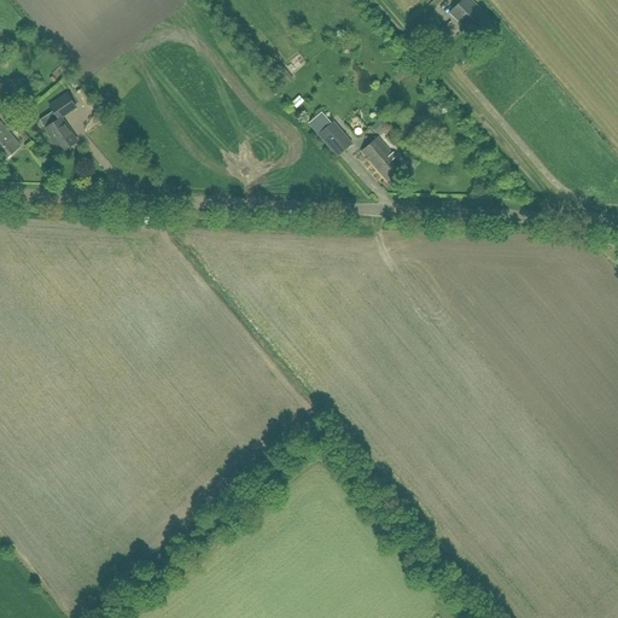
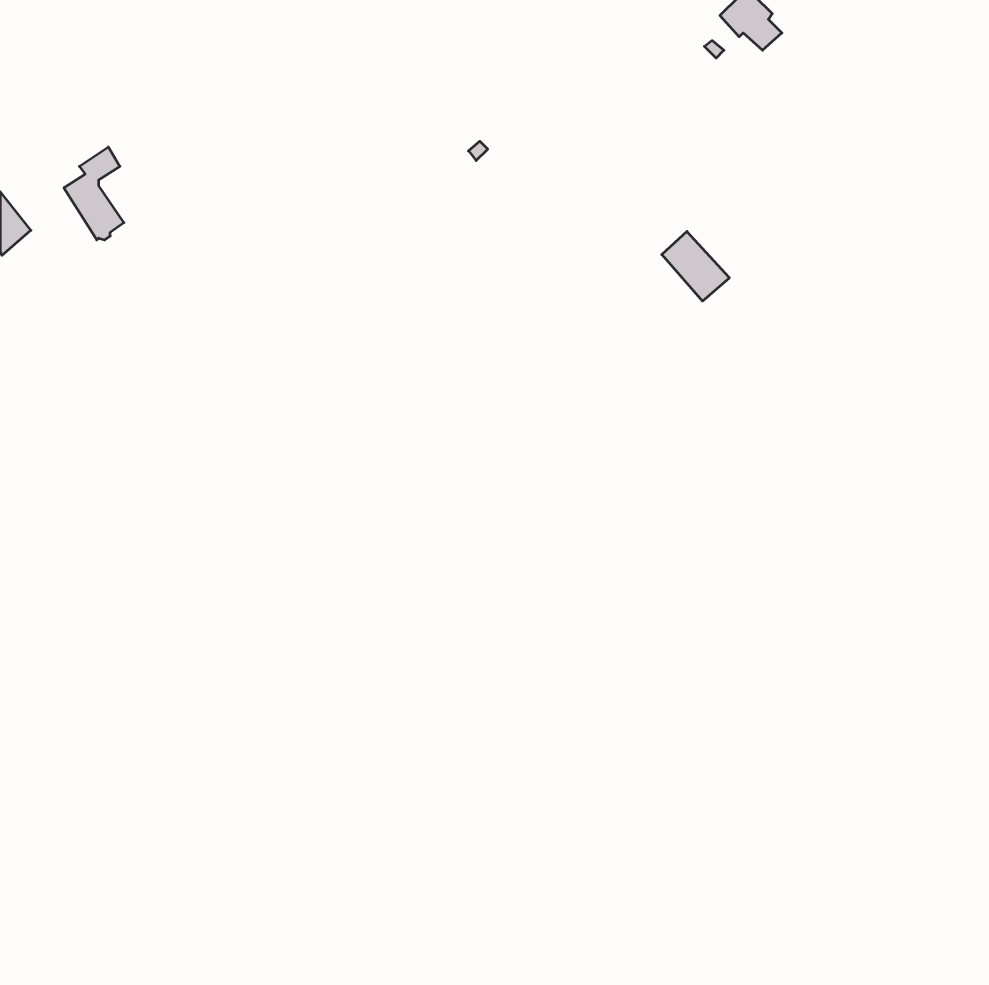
building: [317,119,351,153] -> none
building: [361,135,403,179] -> [662,231,729,301]

